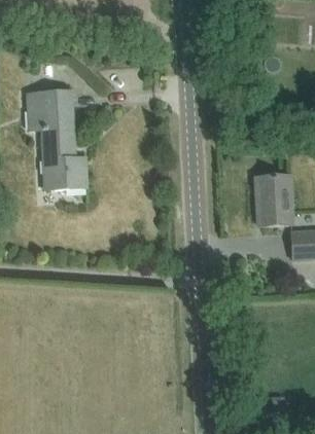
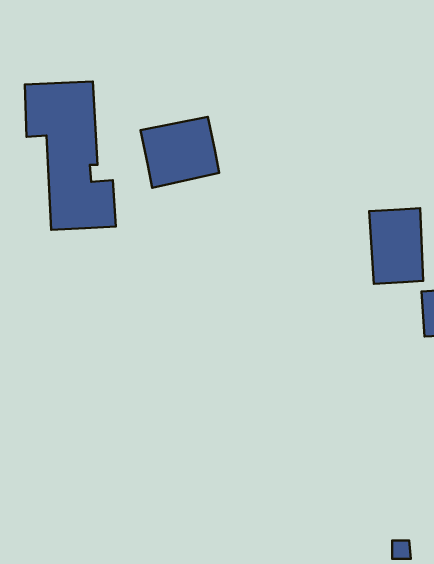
building: none -> [141,117,219,188]

